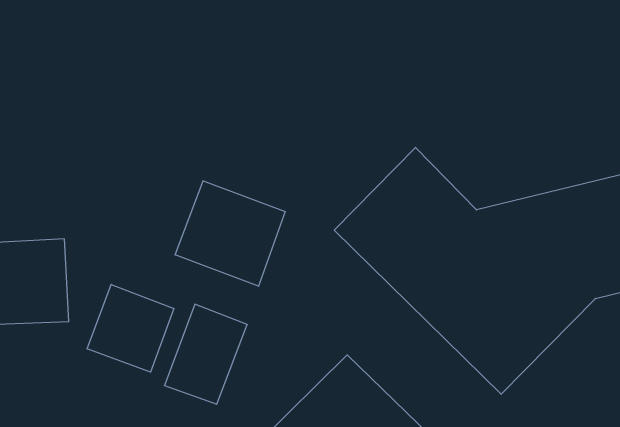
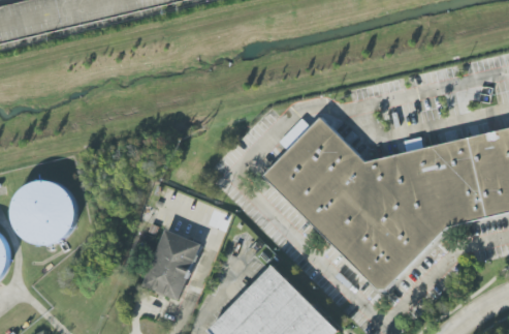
building: [175,181,285,286] -> none
building: [87,284,174,372] -> none

